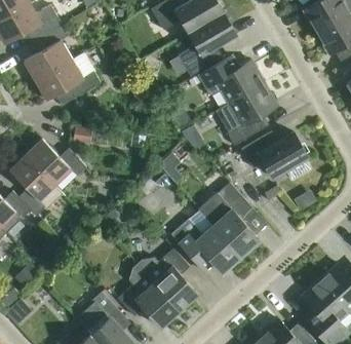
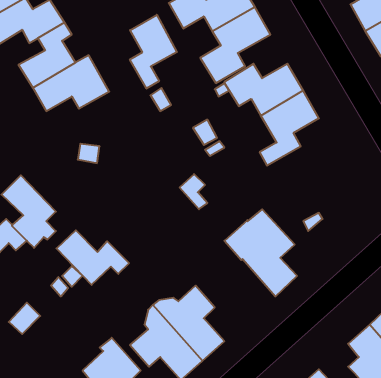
building: none -> [130,15,177,89]
building: [241,132,310,180] -> none
building: [26,139,87,185] -> [56,230,129,285]
building: [171,218,241,273] -> none

